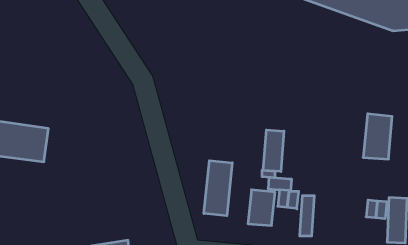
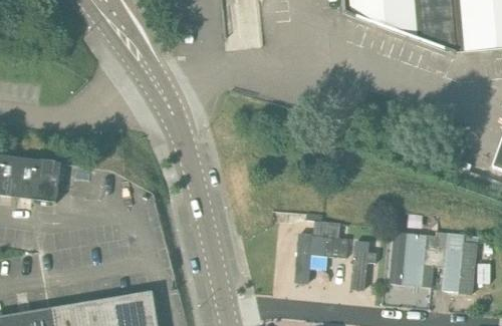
building: [363,114,392,159] -> [392,233,425,285]
building: [263,130,284,172] -> none
building: [204,161,232,216] -> none

